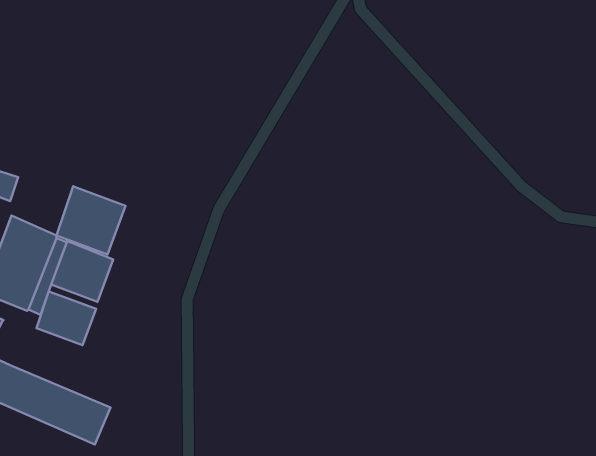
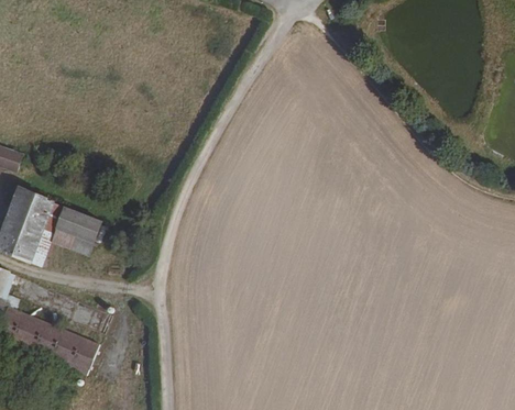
building: [56,186,125,254] -> none
building: [36,291,96,345] -> none

